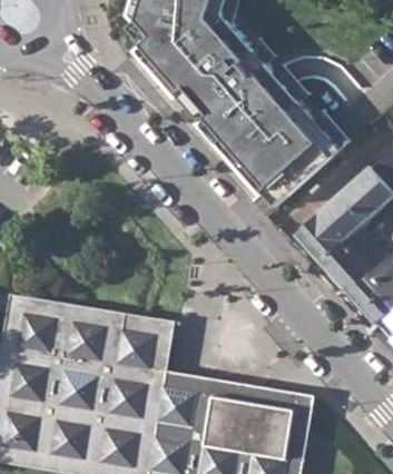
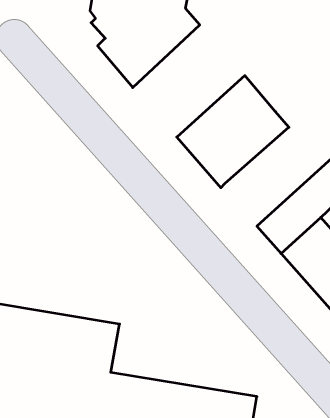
building: [170,30,284,144] -> none
building: [264,110,350,204] -> none

